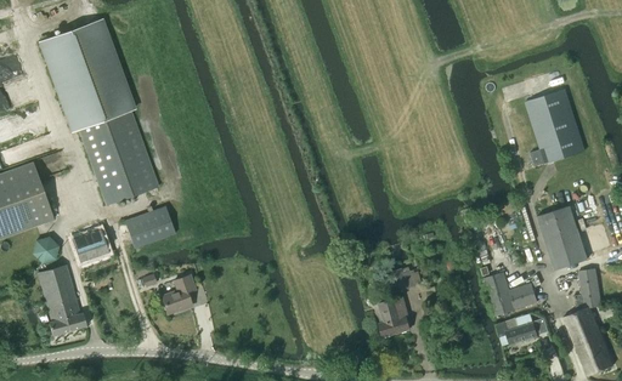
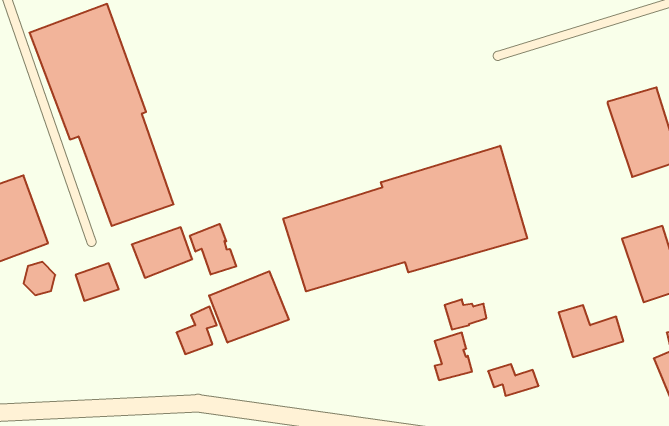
building: none -> [283,146,527,291]
building: none -> [190,224,236,275]
building: none -> [209,271,289,343]
building: [38,265,87,336] -> none
building: [496,318,538,345] -> [488,364,539,396]

